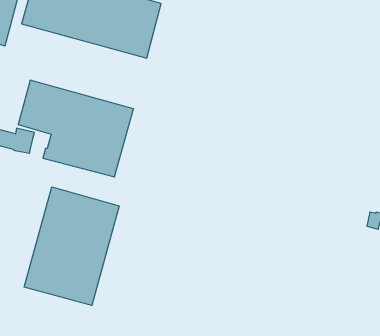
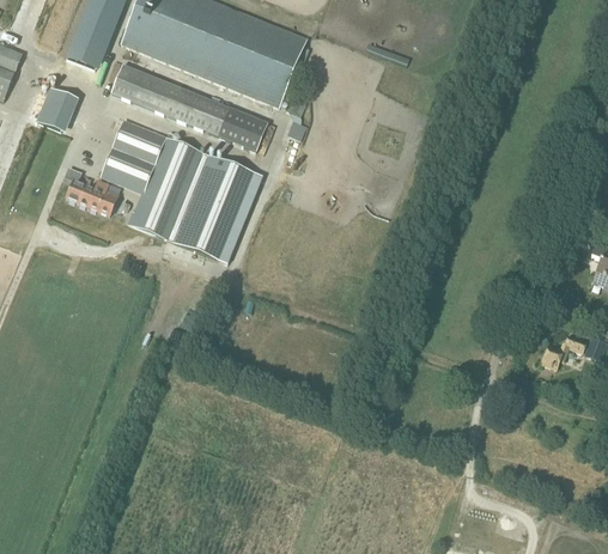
building: none -> [110,63,268,151]
building: [24,187,119,305] -> none

